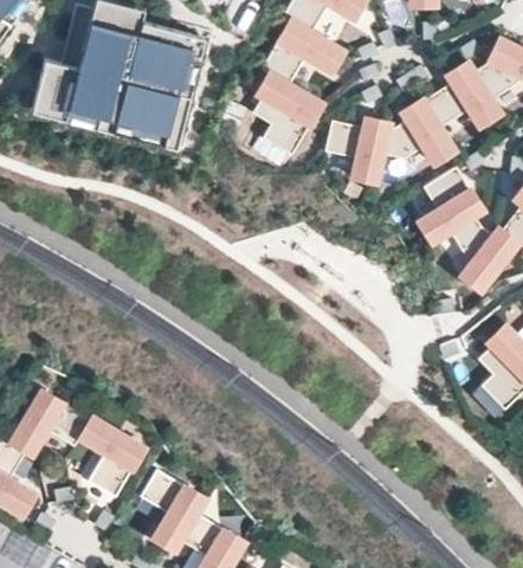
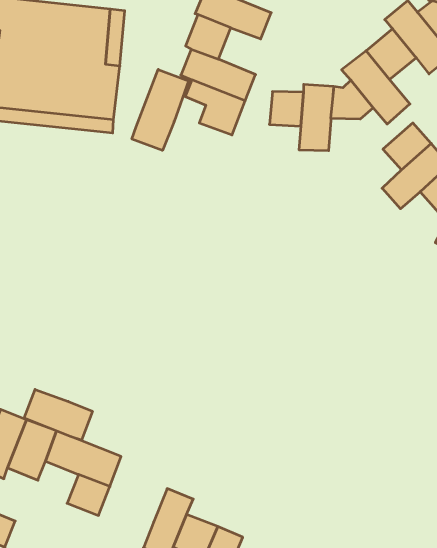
building: none -> [132,69,189,150]
building: none -> [24,389,92,440]
building: [137,460,182,505] -> none

